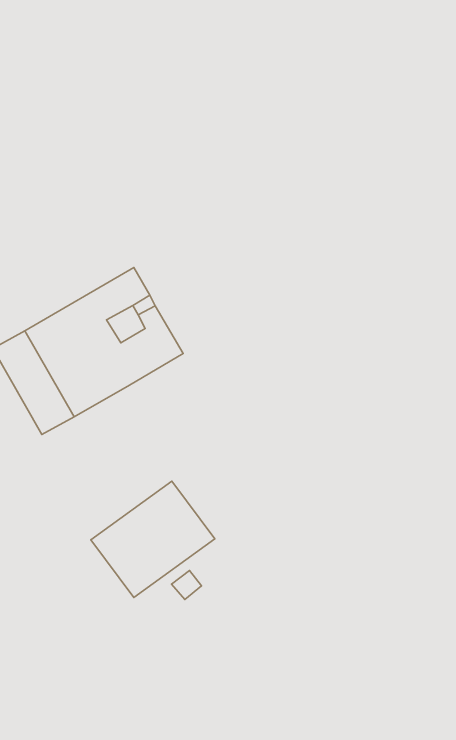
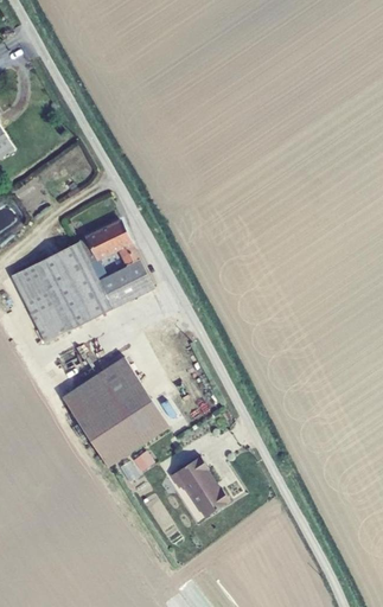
building: none -> [62,357,140,422]
building: none -> [170,456,228,518]

